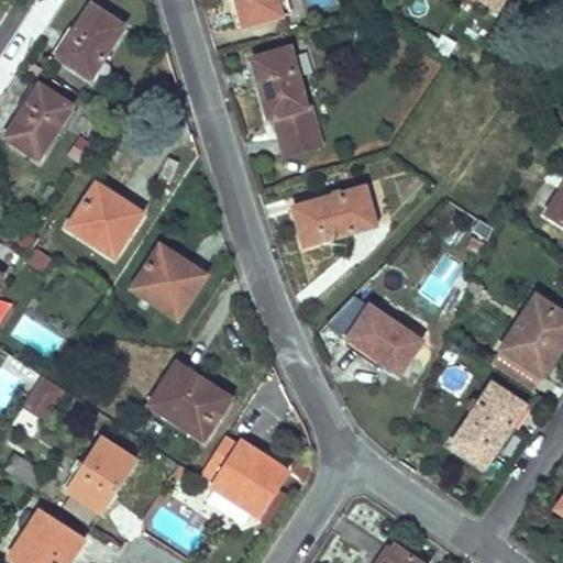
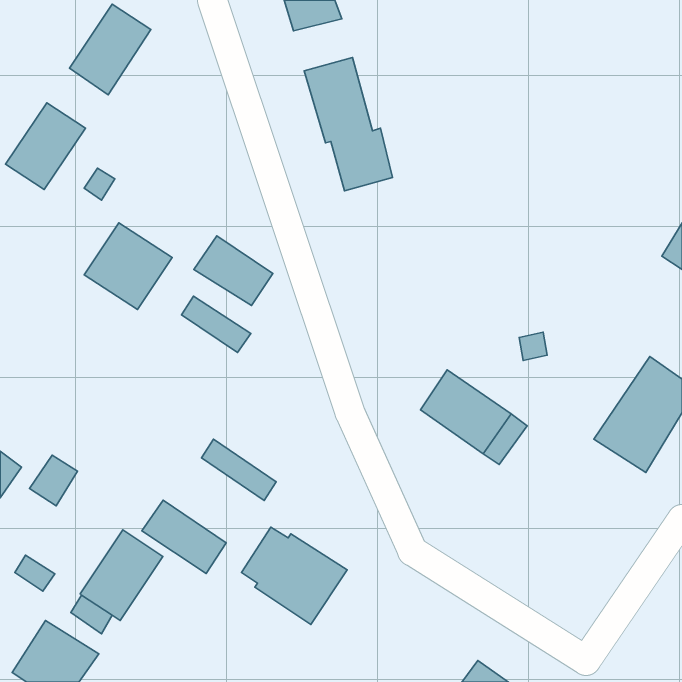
building: [292,186,376,245] -> none
building: [131,260,196,317] -> [194,236,273,305]
building: [148,377,218,438] -> [142,500,226,574]
building: [450,383,522,465] -> none

